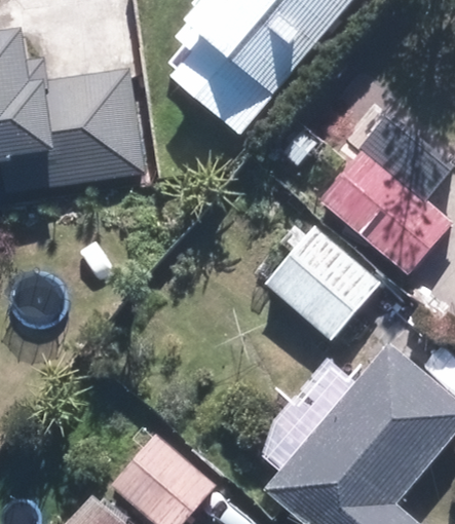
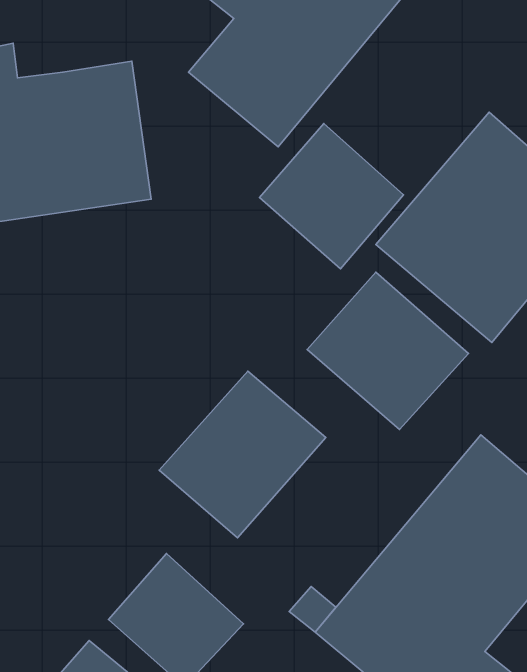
building: none -> [259,123,404,269]
building: none -> [159,371,326,538]

